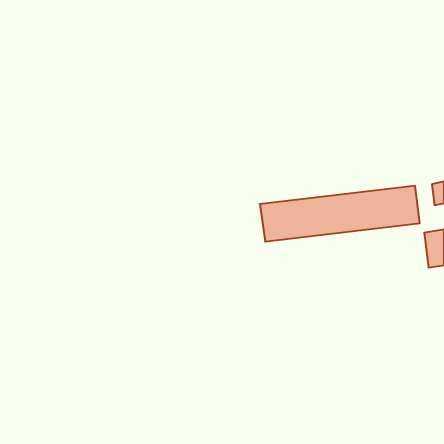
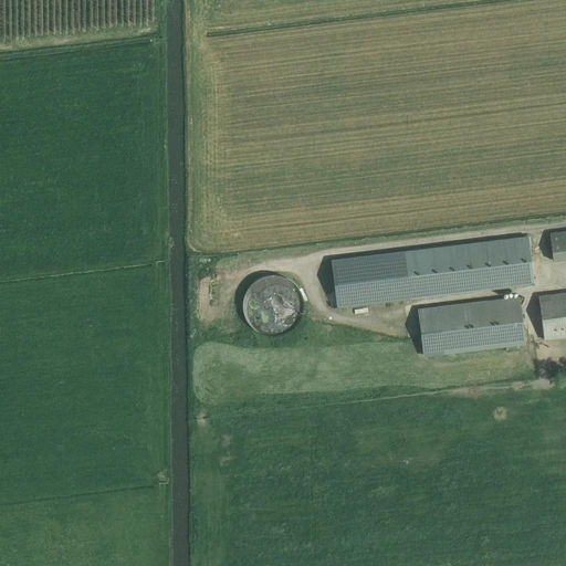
building: none -> [247,273,303,332]
building: none -> [417,296,524,357]

